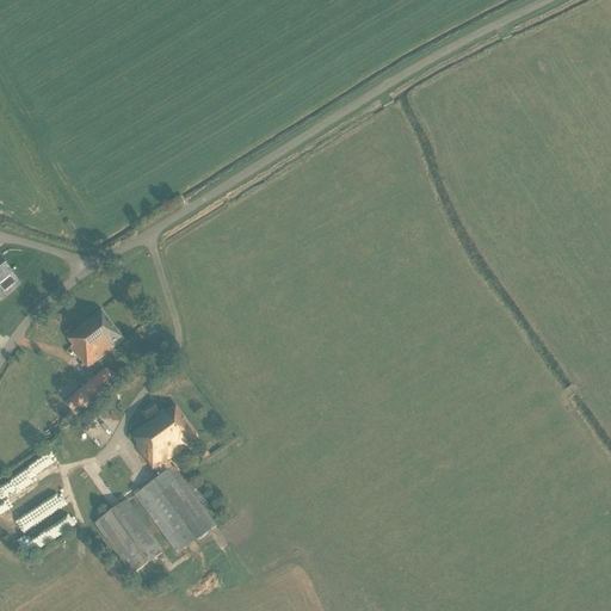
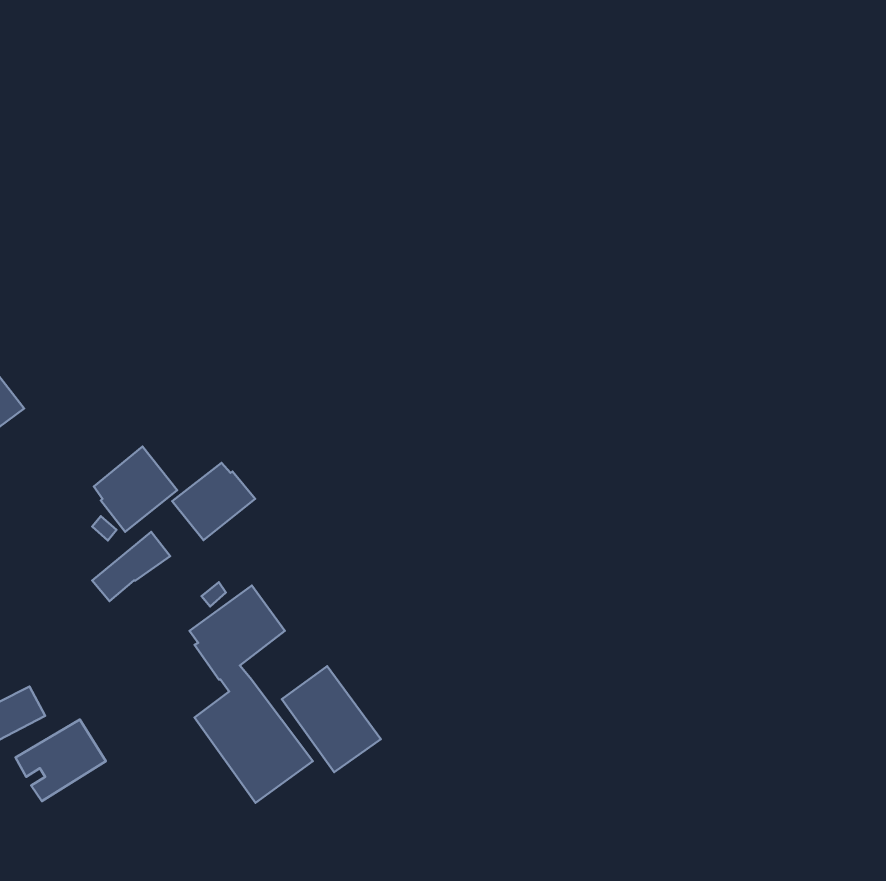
building: none -> [172,463,255,540]
building: [94,499,162,572] -> [282,666,381,772]

